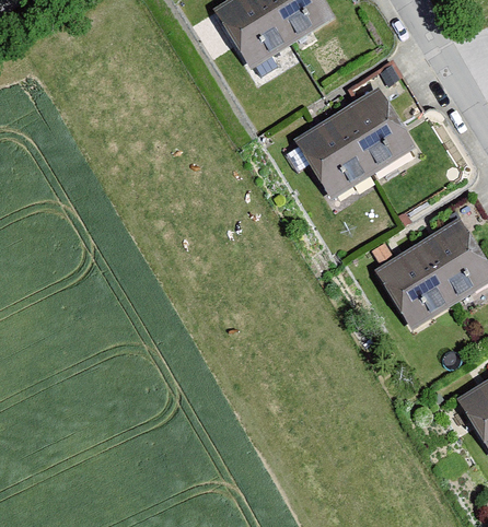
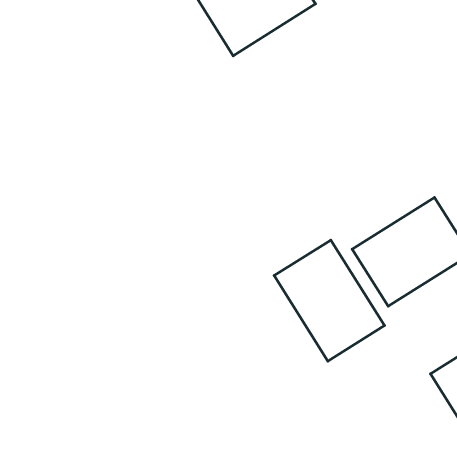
building: [293,85,417,199] -> none
building: none -> [274,240,384,361]

